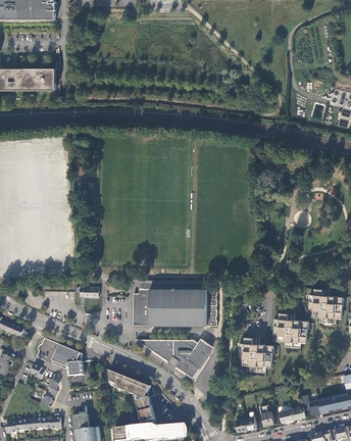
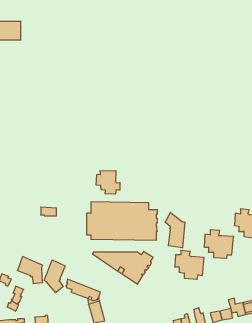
building: none -> [96,171,120,194]
building: none -> [165,212,185,248]
building: none -> [44,260,65,293]

